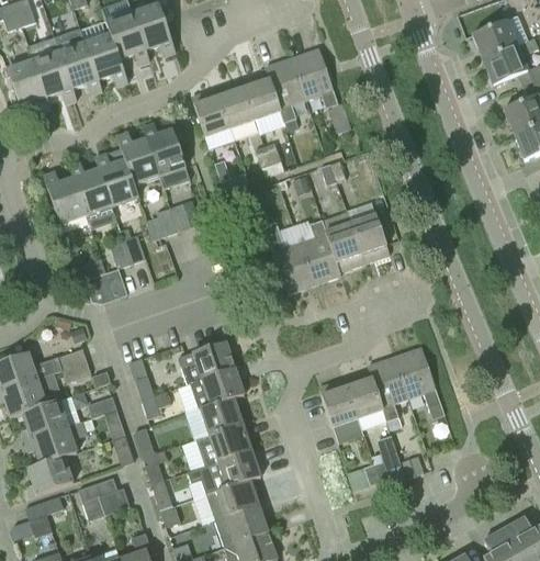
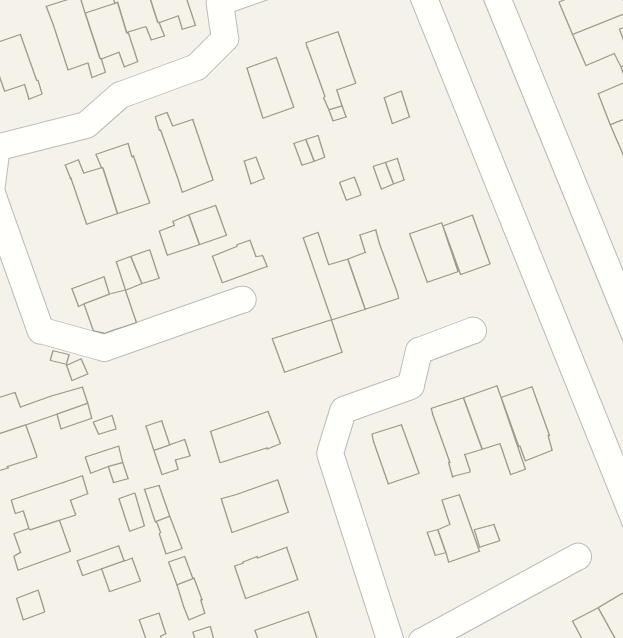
building: [292,48,338,108] -> none
building: [33,52,77,104] -> none
building: [241,70,281,120] -> none
building: [192,88,230,136] -> none
building: [116,133,160,186] -> none
building: [43,171,87,224] -> none
building: [326,223,364,271] -> [443,215,490,274]
building: none -> [213,240,267,283]
building: [178,341,235,384] -> [272,320,342,372]
building: [344,370,385,430] -> [501,387,552,461]
building: [200,397,243,436] -> none
building: [22,400,68,440] -> none
building: [189,450,267,491] -> none
building: [25,496,67,524] -> none
building: [216,505,268,547] -> none

